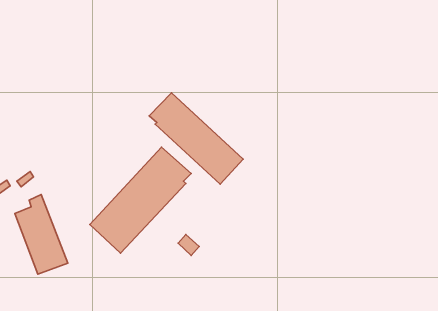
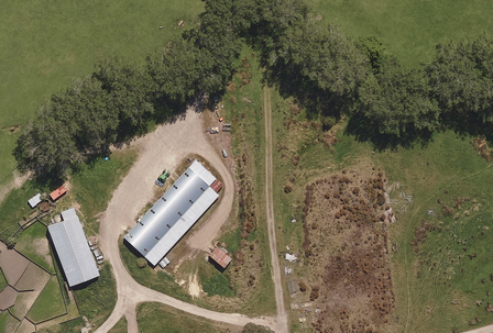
building: [149,93,243,184] -> none

